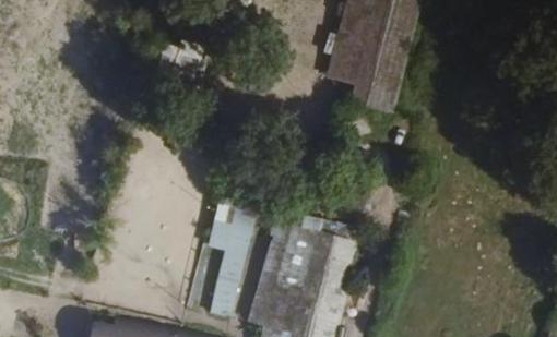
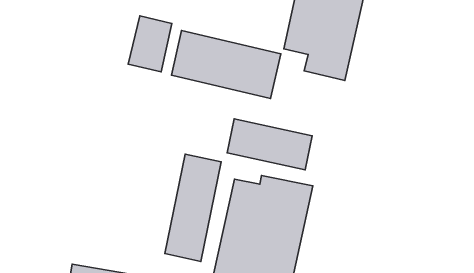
building: none -> [171,30,281,99]
building: none -> [227,119,312,170]

